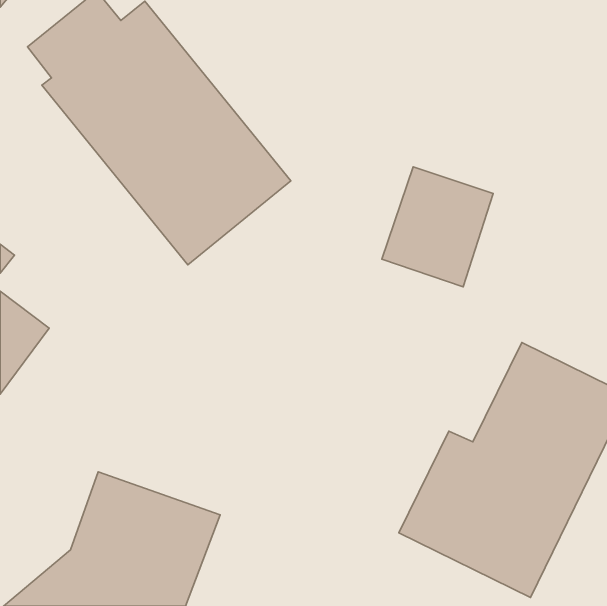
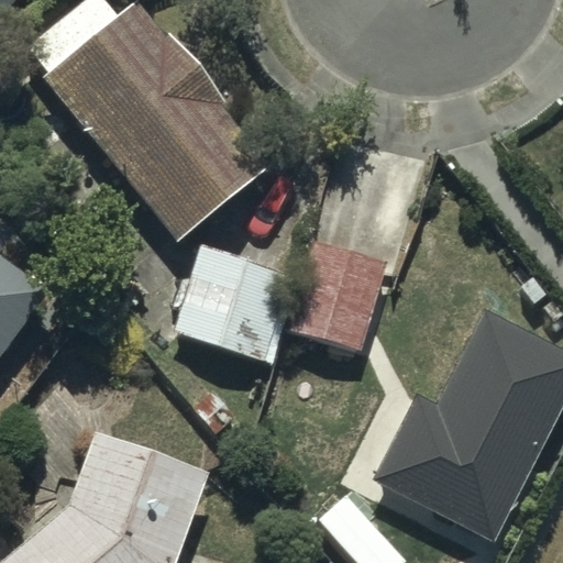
building: [382,167,493,287] -> [285,240,387,350]
building: none -> [173,245,290,358]

